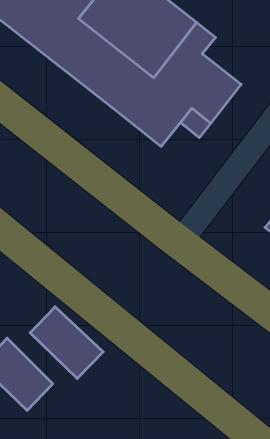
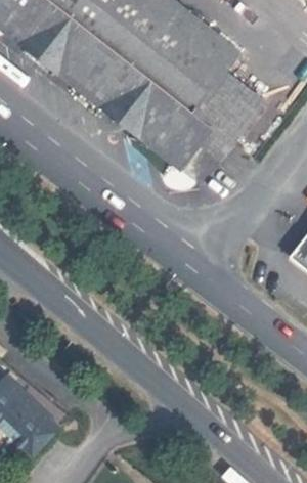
building: [30,307,103,379] -> none

